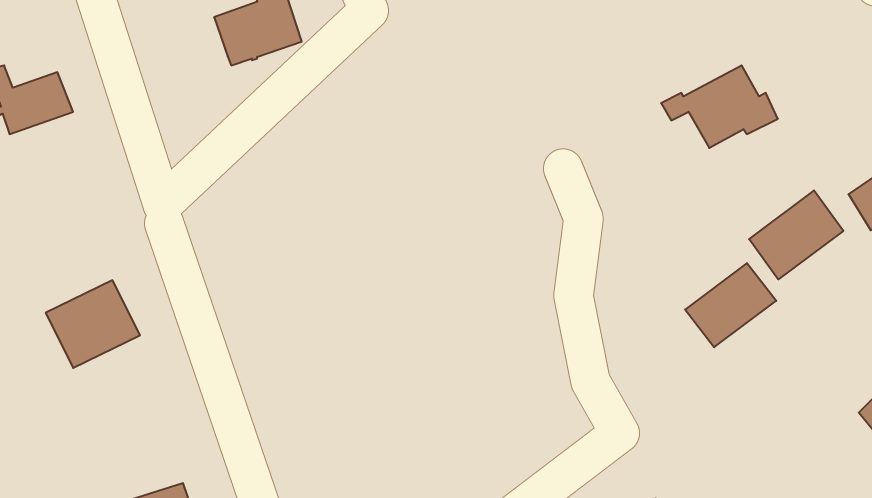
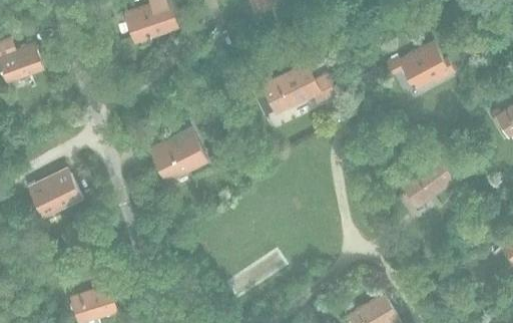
building: none -> [261,64,335,114]
building: [749,190,843,279] -> none
building: none -> [149,129,205,182]

